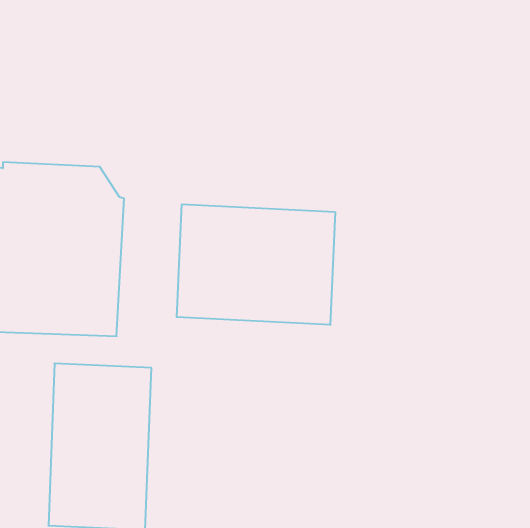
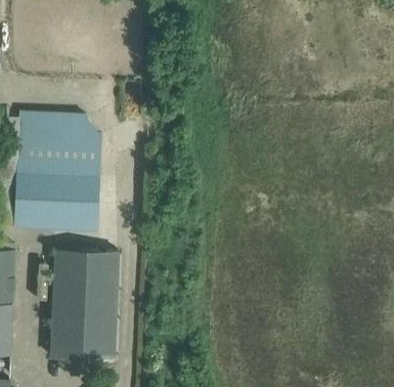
building: [177,204,335,325] -> none

